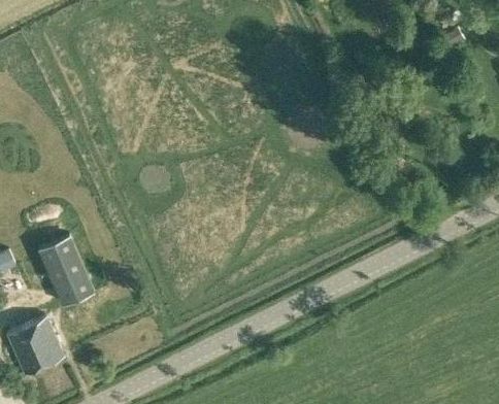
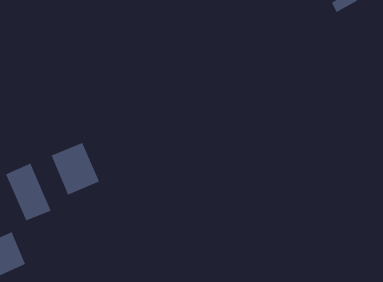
building: none -> [51,142,100,196]

